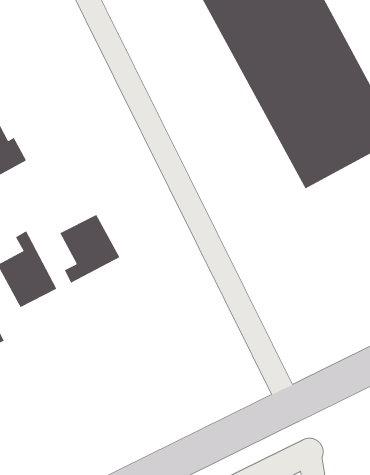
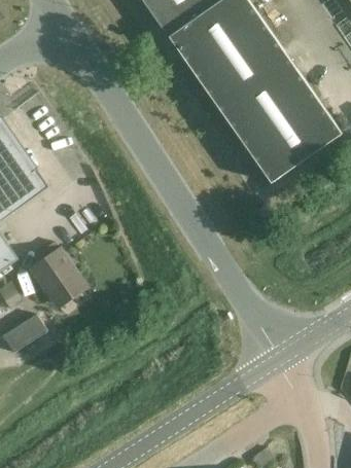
building: [60,214,120,283] -> none

